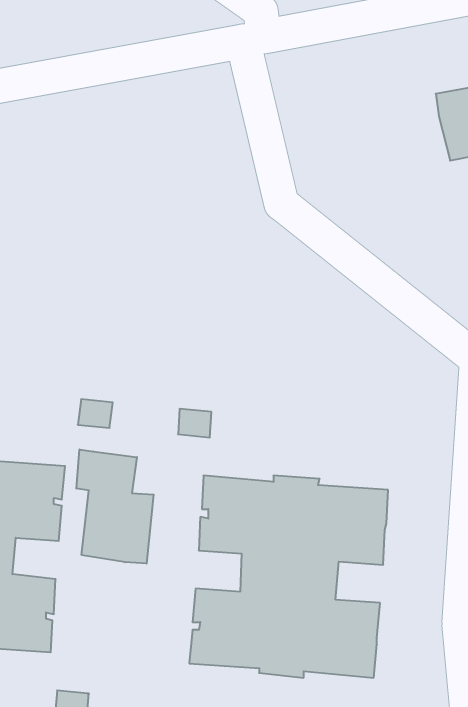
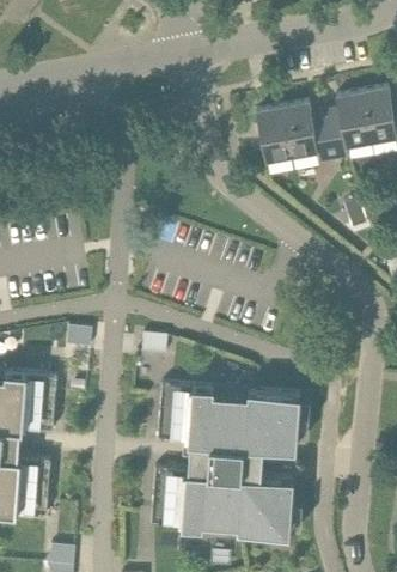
building: none -> [255,103,347,164]
building: [76,449,154,564] -> none

